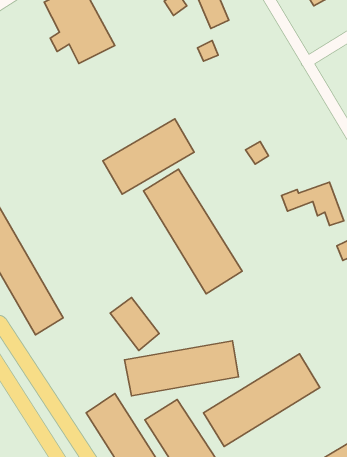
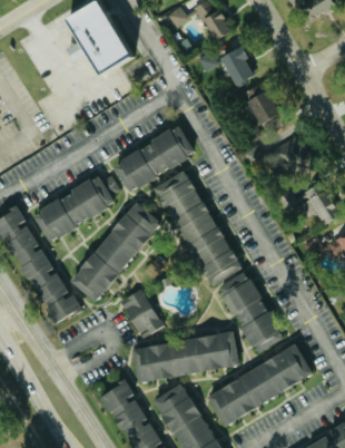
building: none -> [221,38,255,85]
building: none -> [239,84,278,126]
building: none -> [280,142,312,174]
building: none -> [37,175,114,240]
building: none -> [71,201,159,302]
building: none -> [219,275,282,348]

